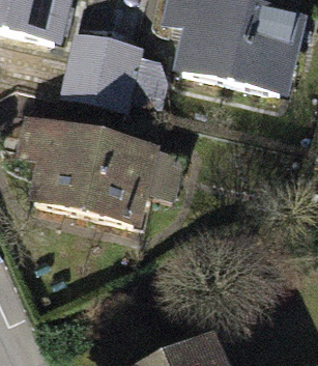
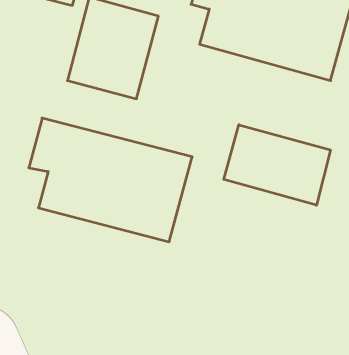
building: none -> [224,125,330,205]

